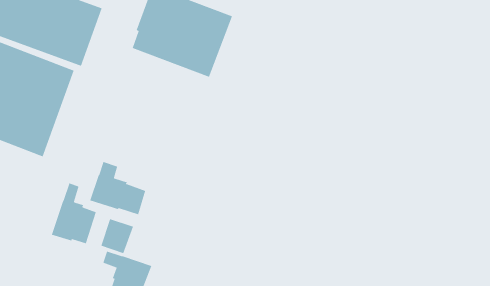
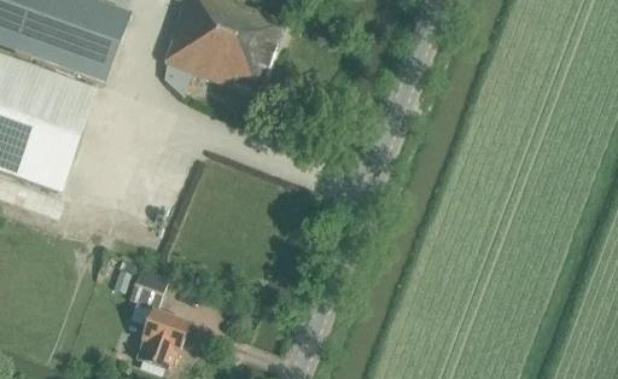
building: [89,161,146,215] -> none
building: [51,183,96,244] -> none

